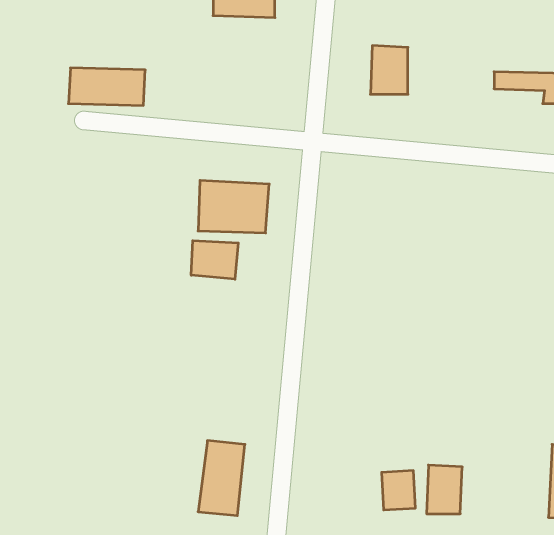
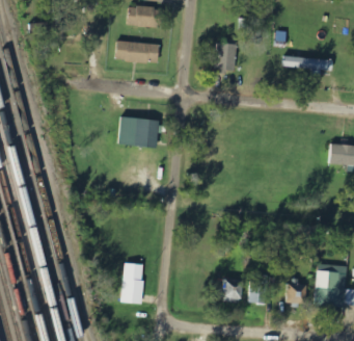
building: [68,68,145,105] -> [116,42,159,62]
building: [191,241,238,279] -> none
building: none -> [285,283,305,304]

